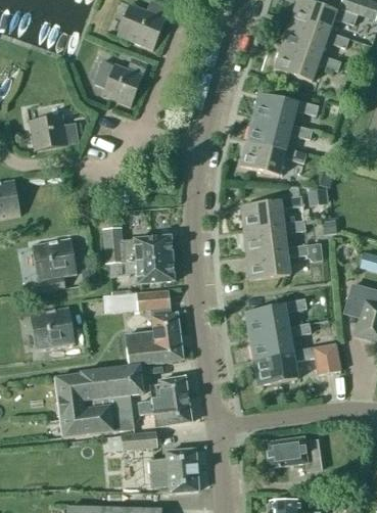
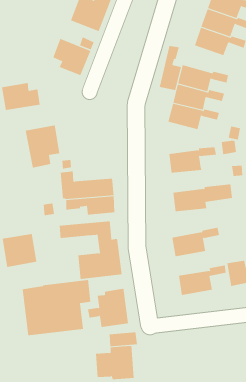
building: none -> [159,45,181,91]
building: [244,221,305,254] -> none
building: [32,237,77,292] -> [25,125,60,168]
building: [249,323,311,360] -> none
building: [121,431,157,451] -> [109,332,138,347]
building: [266,437,321,471] -> none

